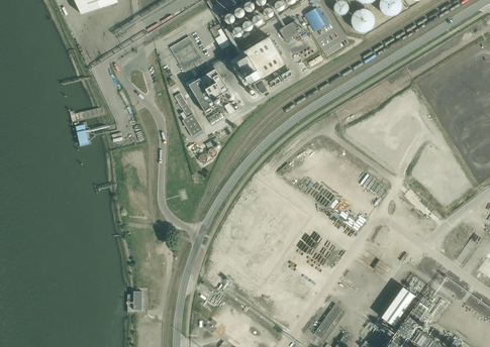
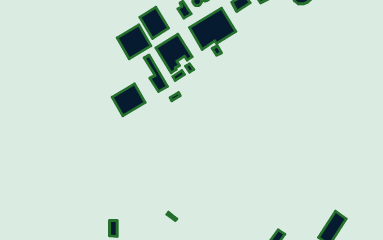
building: none -> [117,25,151,59]
building: none -> [112,84,145,116]

